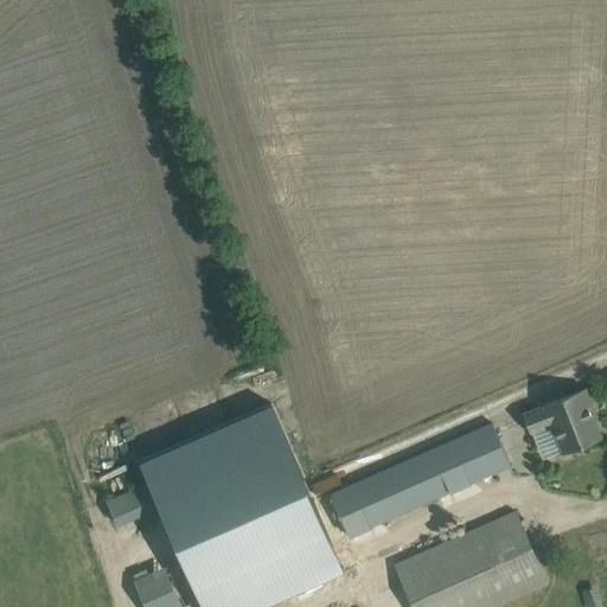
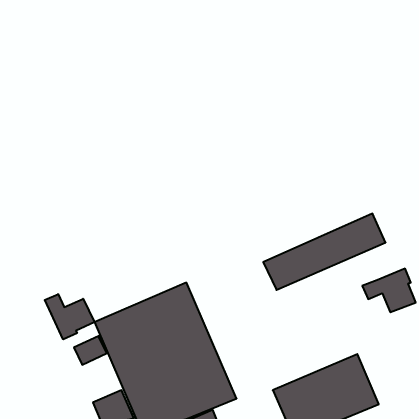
building: [334,424,511,535] -> [263,214,386,290]
building: none -> [45,294,94,339]

